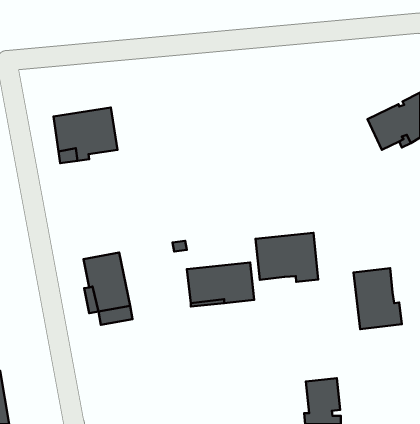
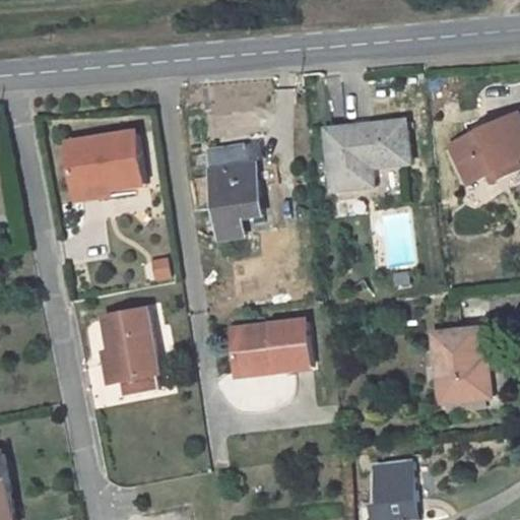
building: none -> [324,121,407,188]
building: none -> [204,143,261,238]
building: [255,233,318,282] -> none

